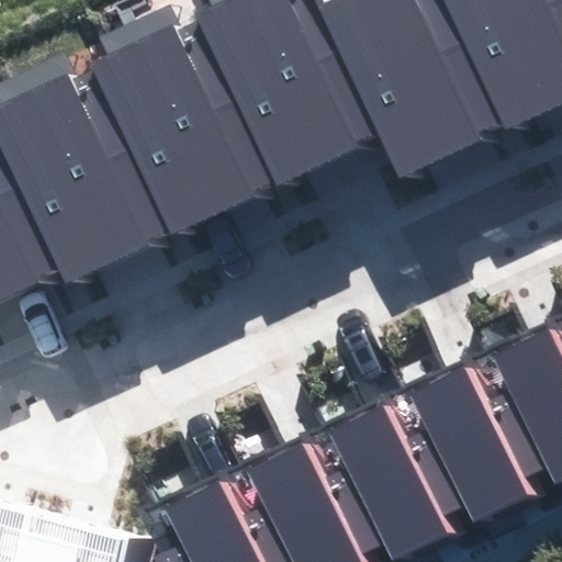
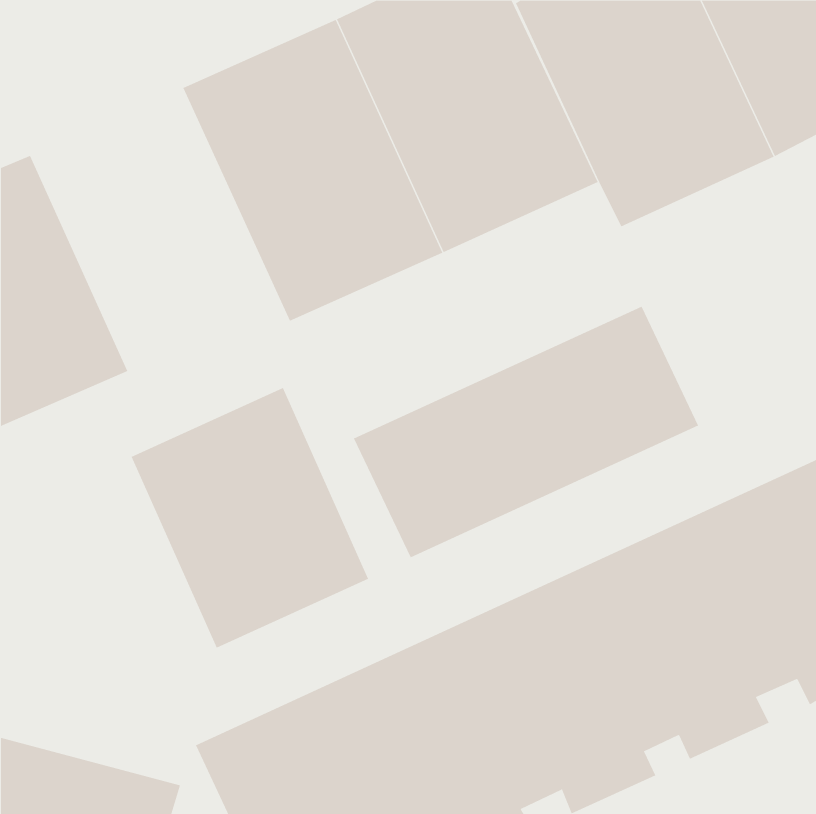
building: [22,63,200,271] -> none
building: none -> [353,306,699,558]
building: none -> [131,387,369,648]

